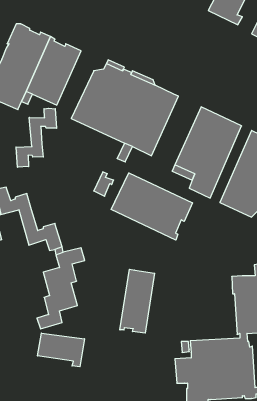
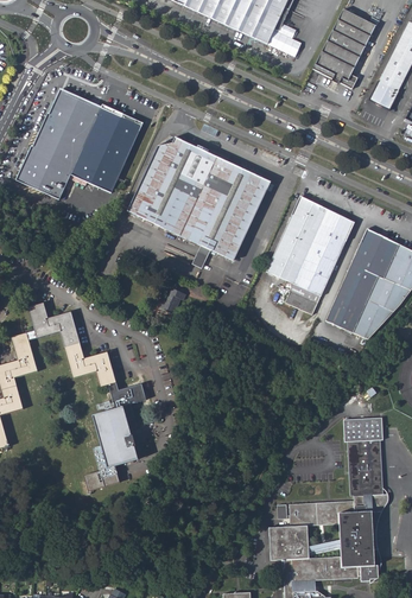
building: [16,108,57,167] -> none
building: [111,173,192,240] -> none
building: [120,269,155,333] -> none
building: [38,333,84,367] -> none

